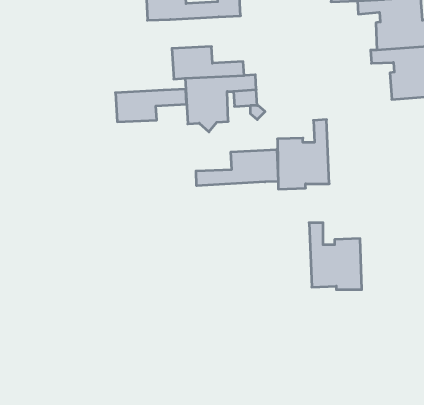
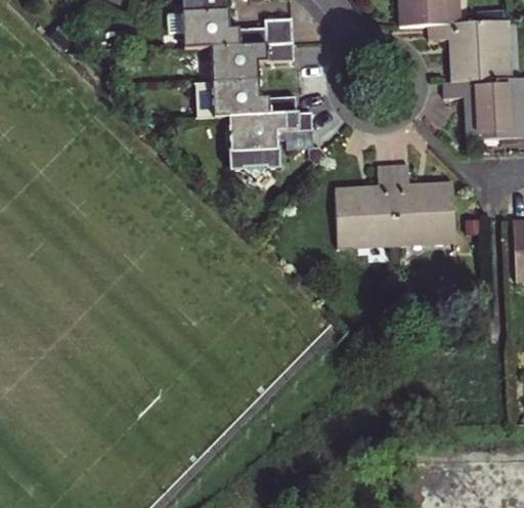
building: [115,89,187,122] -> [212,42,295,80]
building: [196,149,278,186] -> none
building: [309,223,362,290] -> [394,163,455,241]

